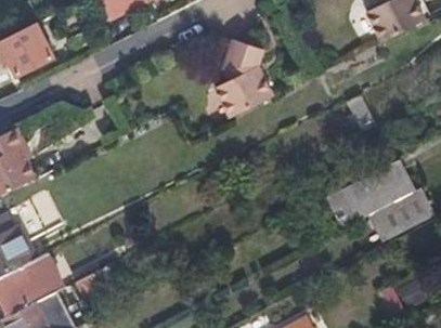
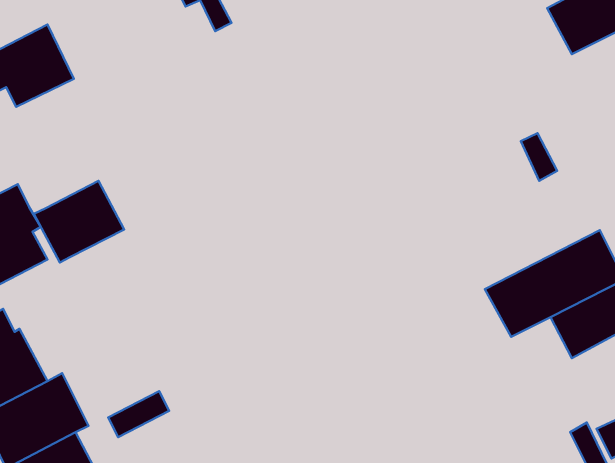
building: [215,39,273,117] -> none
building: none -> [34,181,124,263]

